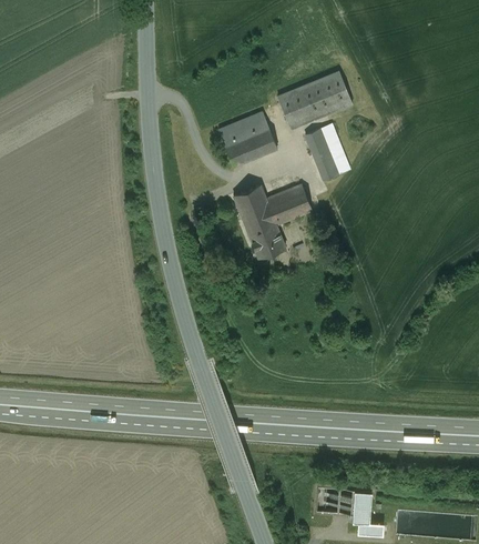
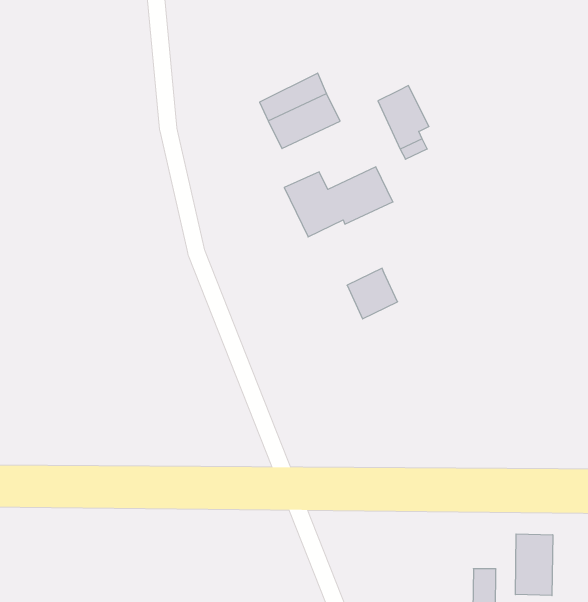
building: [277,71,353,129] -> none
building: [248,221,285,258] -> [347,268,398,319]
building: none -> [515,534,553,596]

